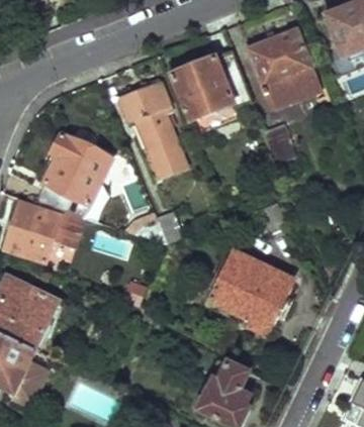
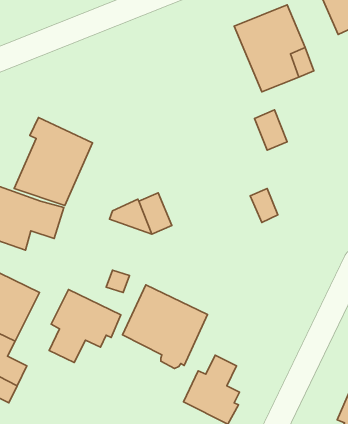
building: [170,52,250,119] -> none
building: [119,83,183,176] -> none
building: [211,251,292,331] -> [123,285,207,369]
building: none -> [49,290,121,363]

